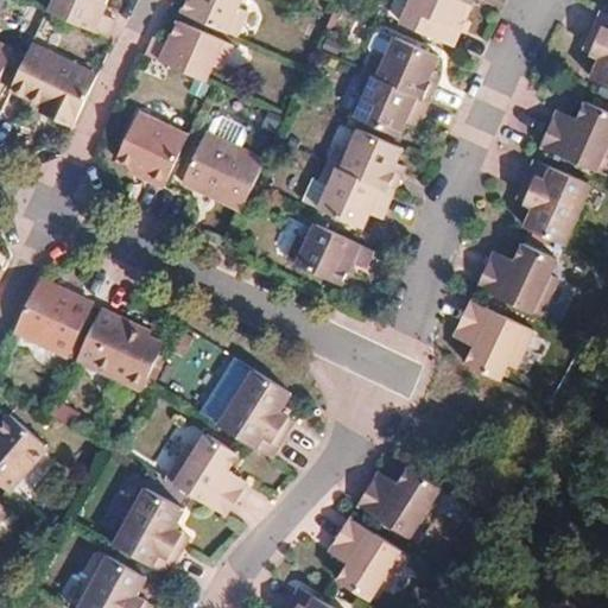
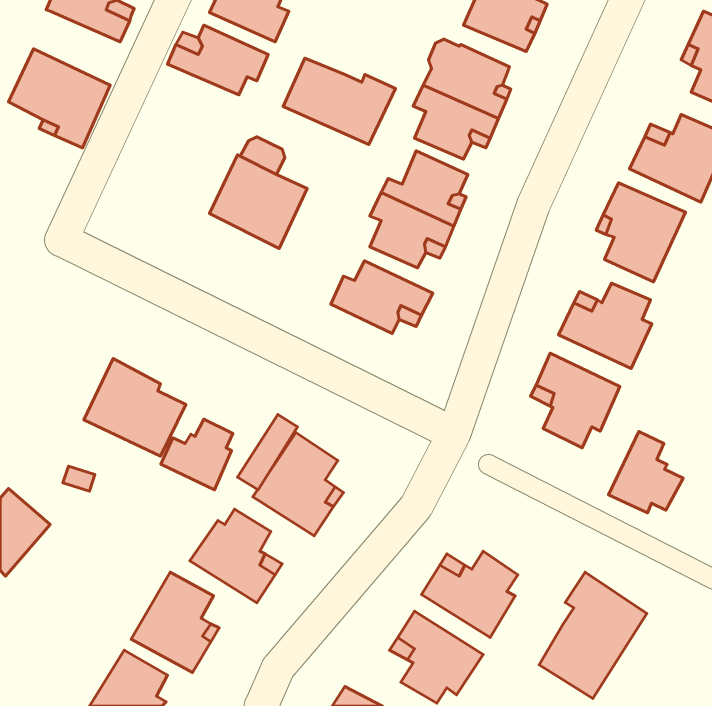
building: none -> [283,58,396,144]
building: [114,113,185,189] -> none
building: [12,277,89,354] -> none
building: none -> [161,419,233,490]
building: none -> [608,432,683,513]
building: none -> [539,572,647,699]

